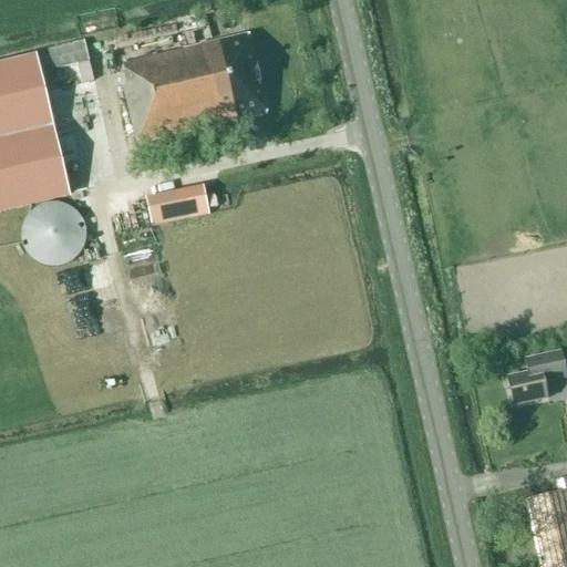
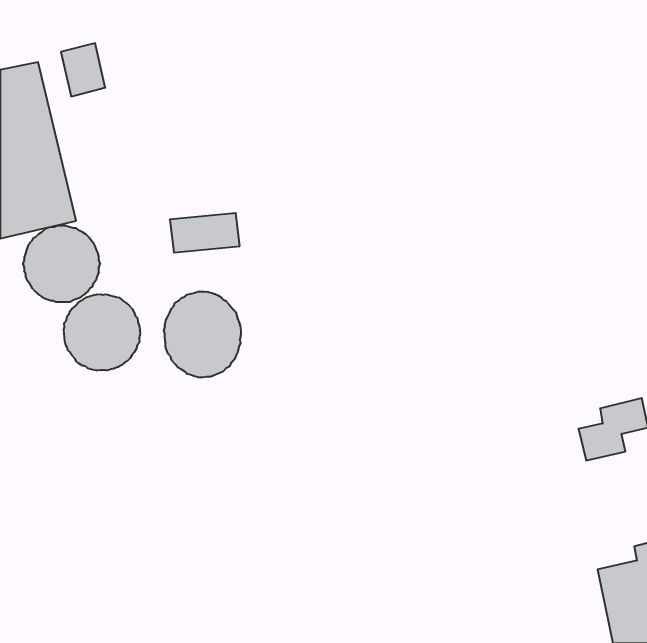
building: [122,31,266,141] -> none
building: none -> [164,291,241,378]
building: none -> [64,294,140,371]

